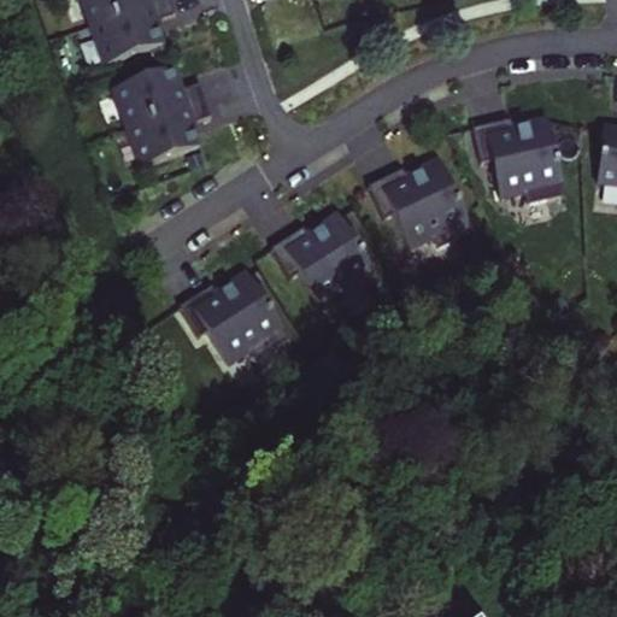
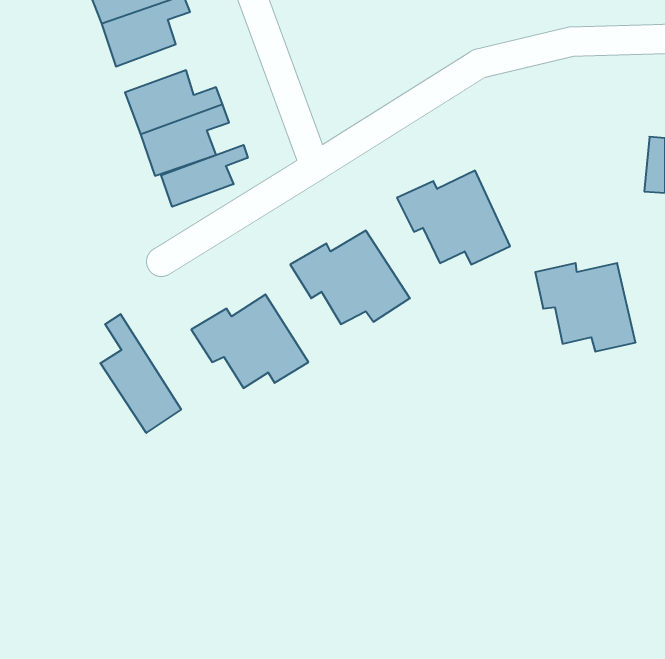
building: [472,117,565,199] -> [535,263,636,352]
building: none -> [161,145,248,207]
building: none -> [100,314,181,433]

